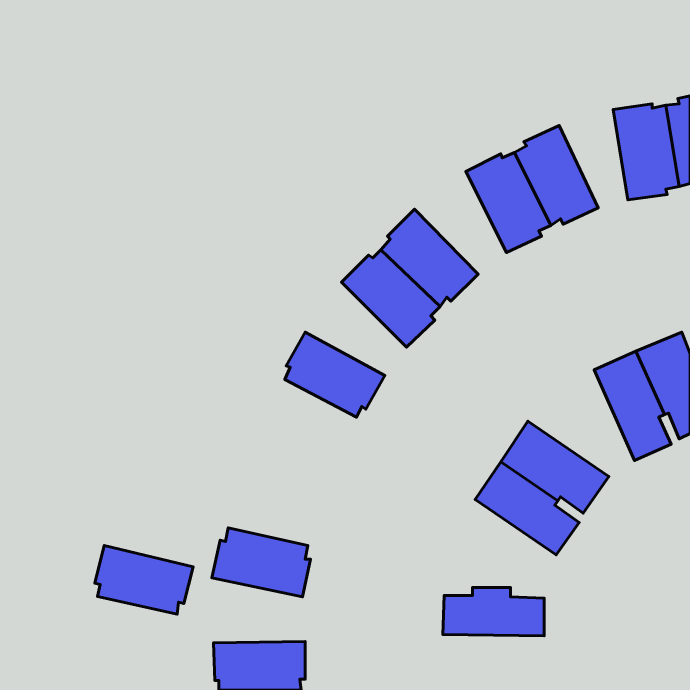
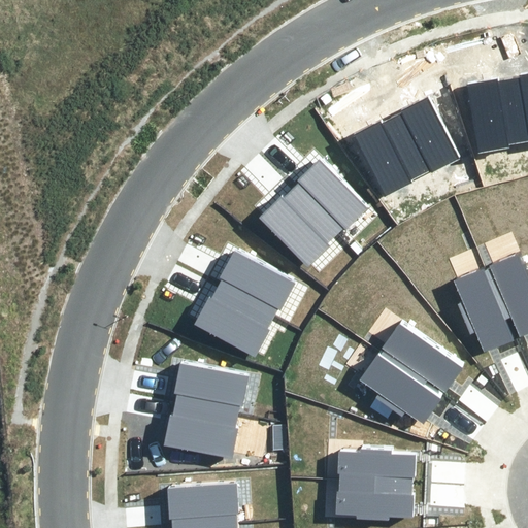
building: none -> [196,290,272,356]
building: [95,545,193,614] -> [172,364,248,417]
building: none -> [338,485,416,522]

